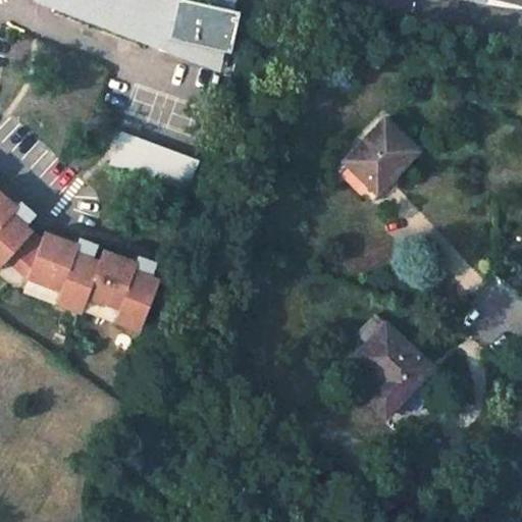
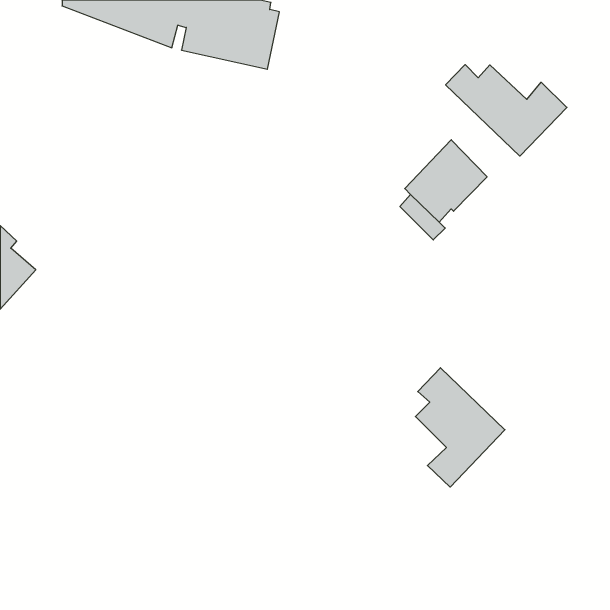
building: none -> [446,65,567,156]
building: [109,132,195,190] -> none
building: [27,231,157,329] -> none

